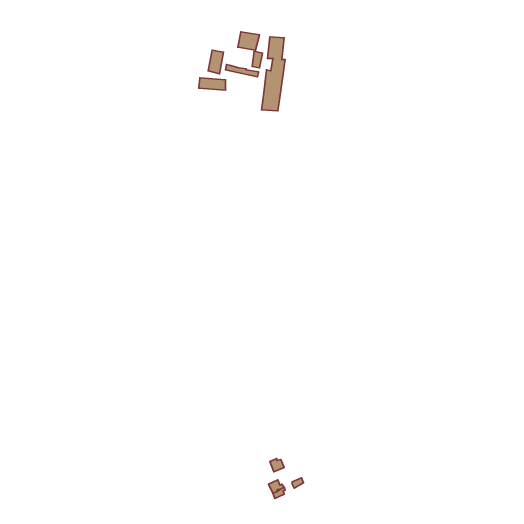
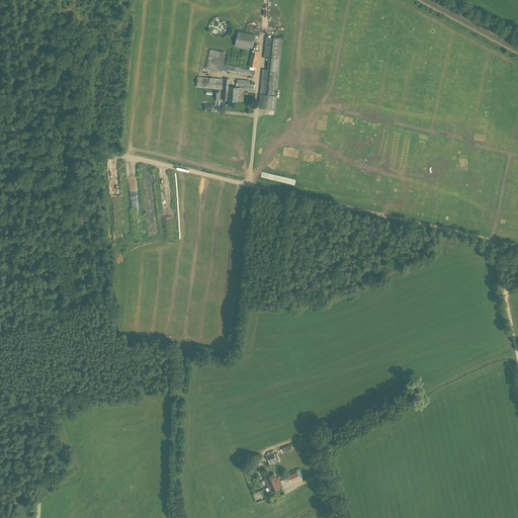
building: none -> [223,79,255,102]

